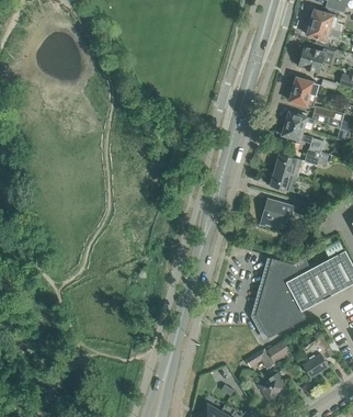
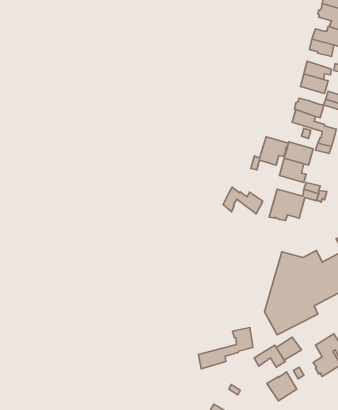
building: none -> [251,137,288,170]
building: none -> [223,187,263,214]
building: none -> [199,328,253,369]

